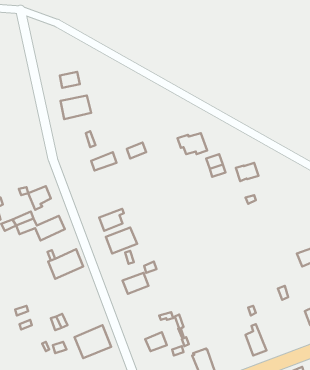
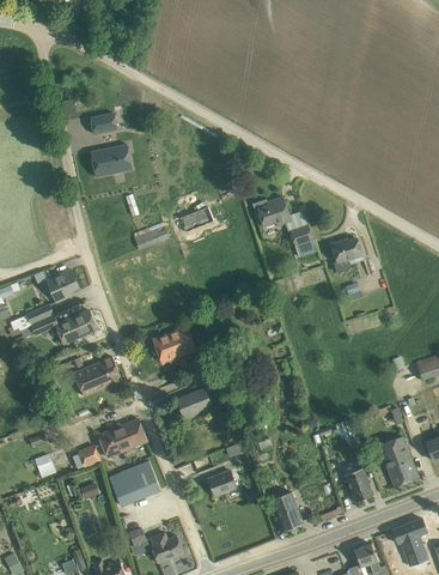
building: [99,209,124,231] -> none
building: none -> [99,419,147,455]
building: none -> [371,435,417,486]

